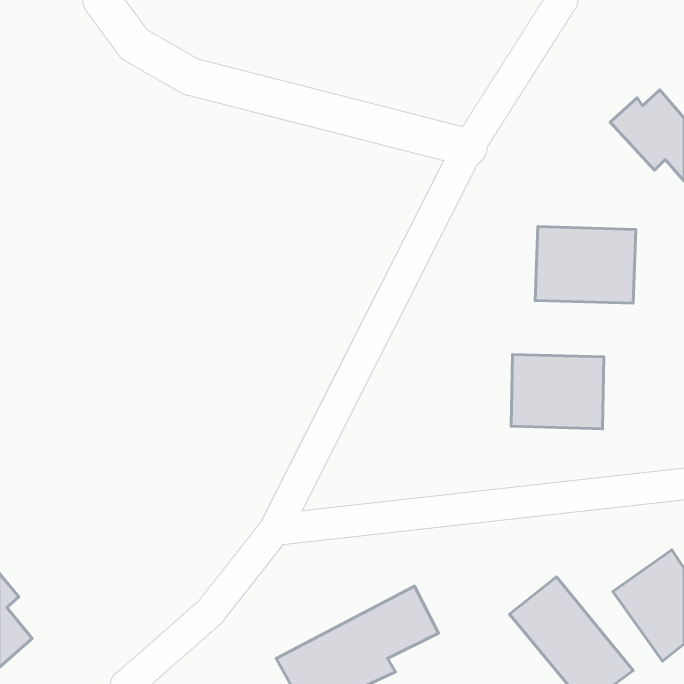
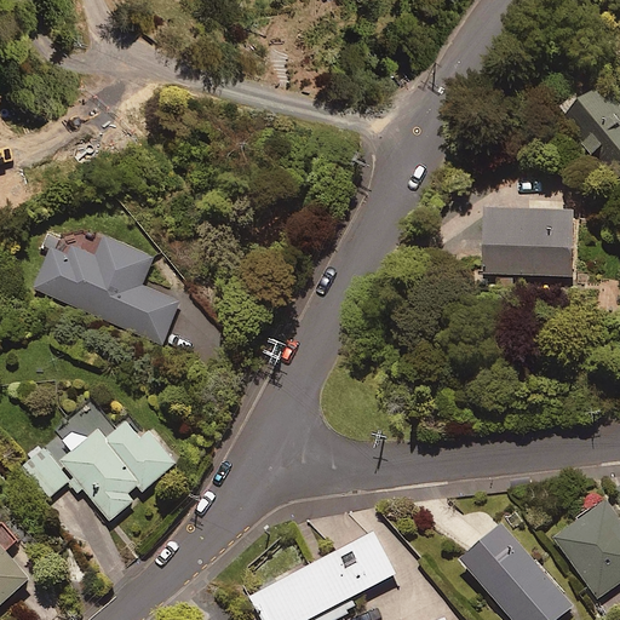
building: none -> [34,235,180,346]
building: [511,354,604,429] -> none
building: none -> [21,420,176,518]

